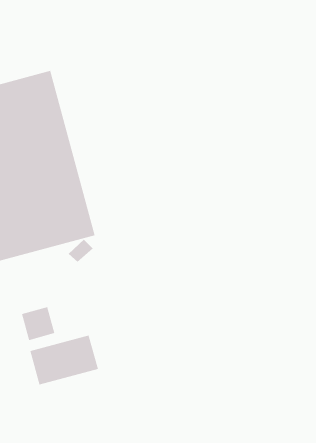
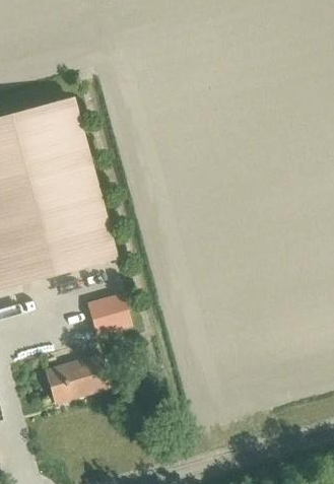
building: [21,307,55,341] -> [91,297,124,330]

